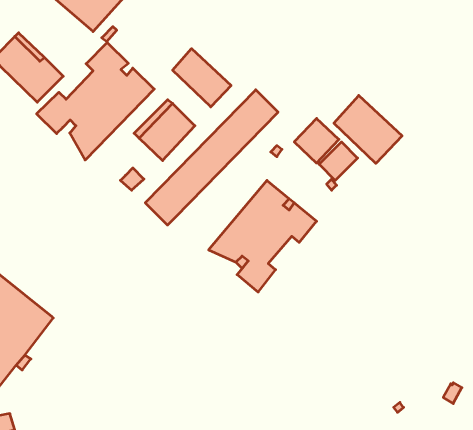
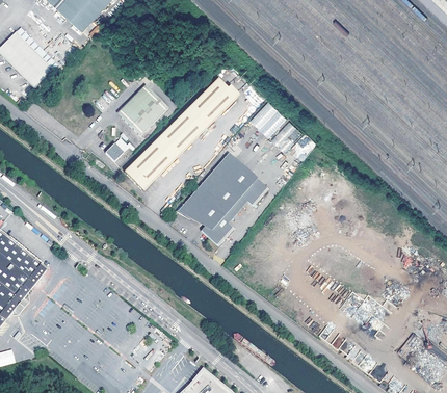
building: [37,42,154,160] -> none
building: [173,49,231,107] -> none
building: [334,95,402,163] -> none

